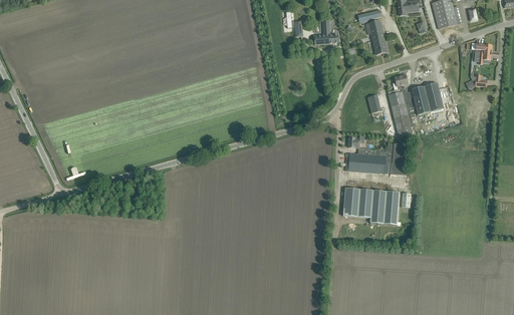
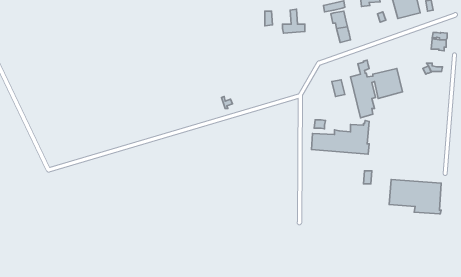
building: [342,188,399,225] -> [389,180,441,214]

